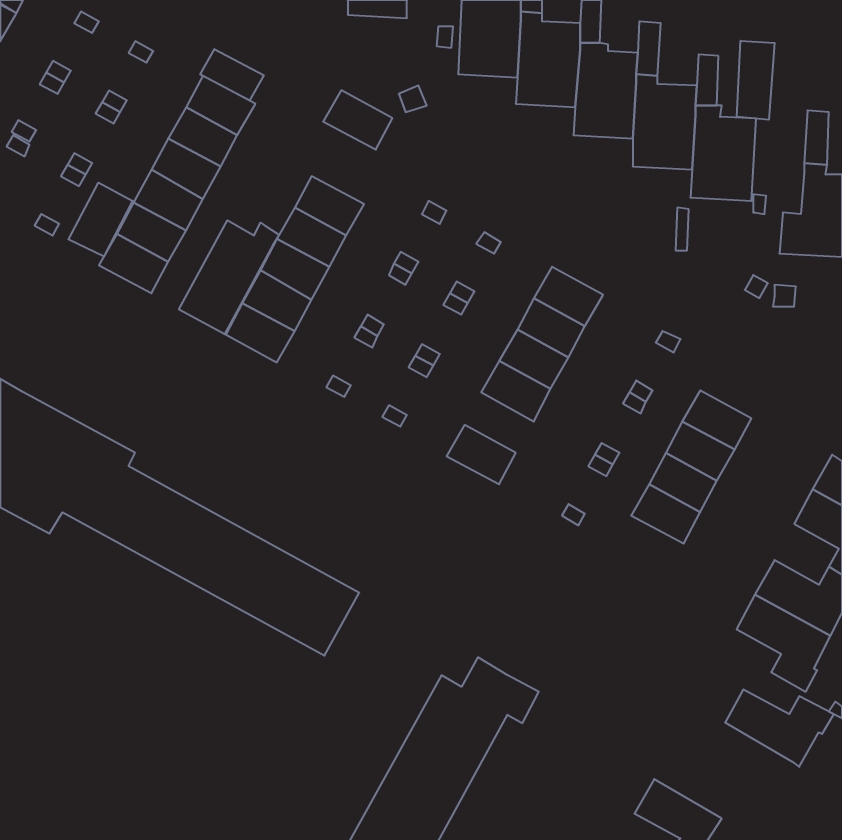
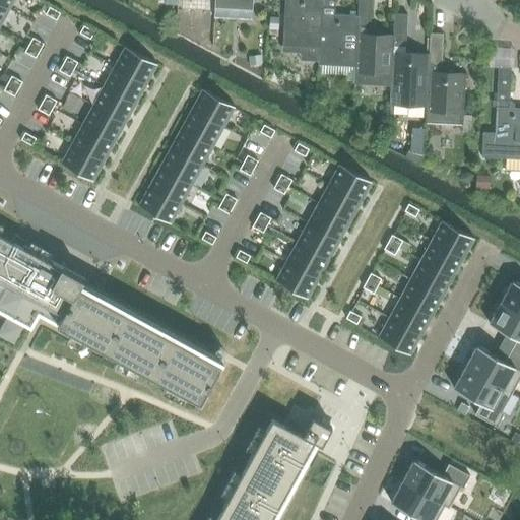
building: [737,41,775,120] -> none
building: [200,49,264,101] -> none
building: [323,90,392,150] -> [192,90,235,127]
building: [68,183,133,257] -> none
building: [179,220,279,334] -> none
building: none -> [432,221,474,259]
building: none -> [286,243,329,280]
building: none -> [379,319,421,356]
building: [725,689,834,767] -> [403,461,470,509]

